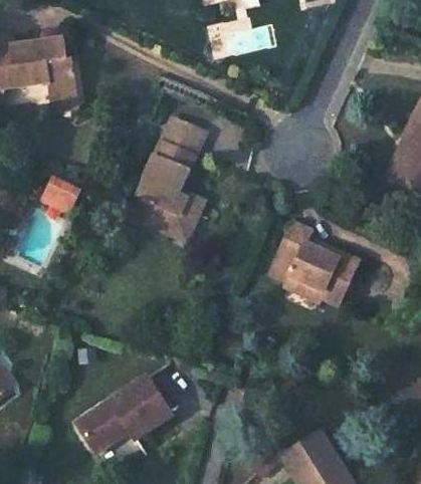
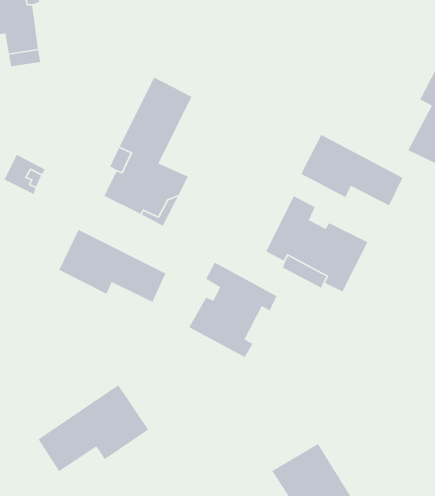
building: none -> [300,134,404,206]
building: none -> [58,229,166,303]
building: none -> [188,261,278,358]

